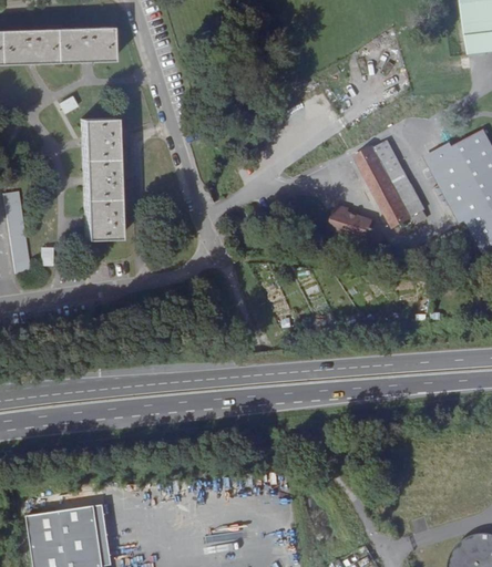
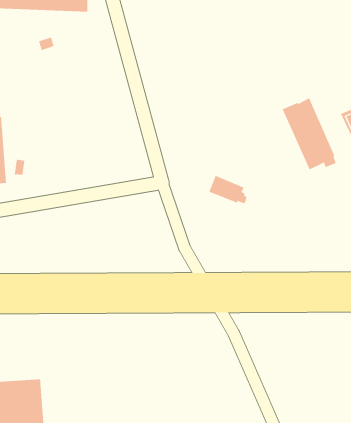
building: [85,118,121,240] -> none
building: [331,209,379,241] -> [208,175,248,204]

